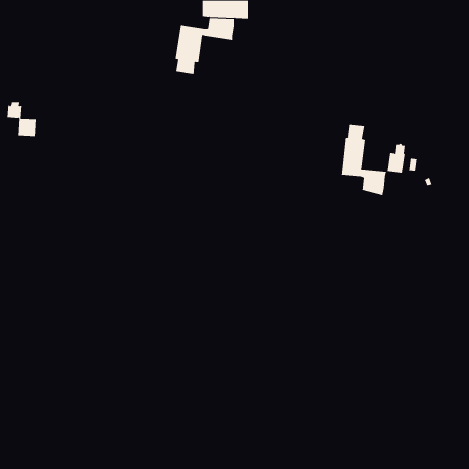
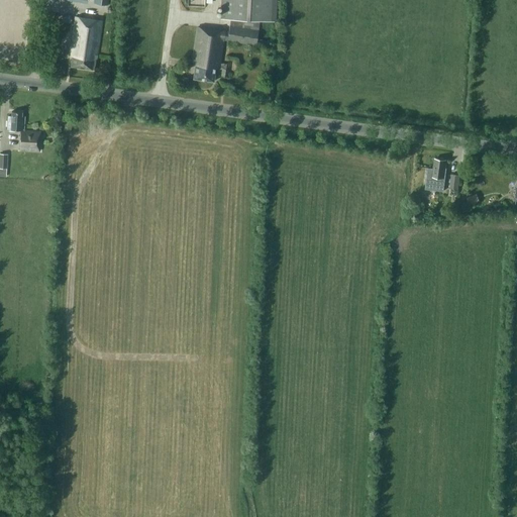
building: none -> [70,17,102,70]
building: [341,124,386,196] -> none

